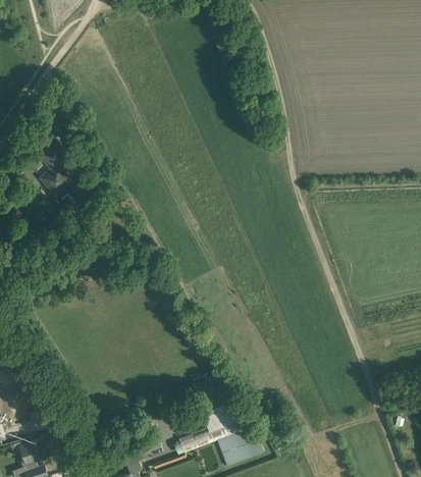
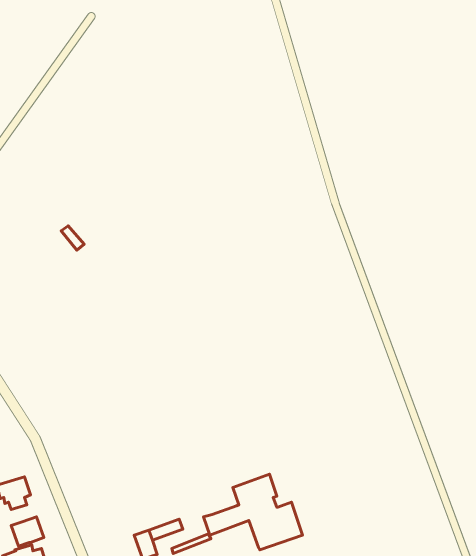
building: [37,142,68,195] -> none

